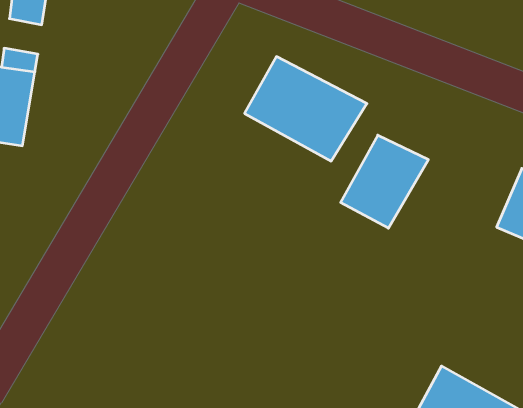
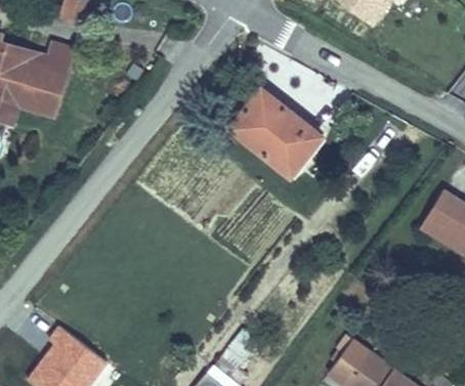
building: [341,135,428,228] -> none

